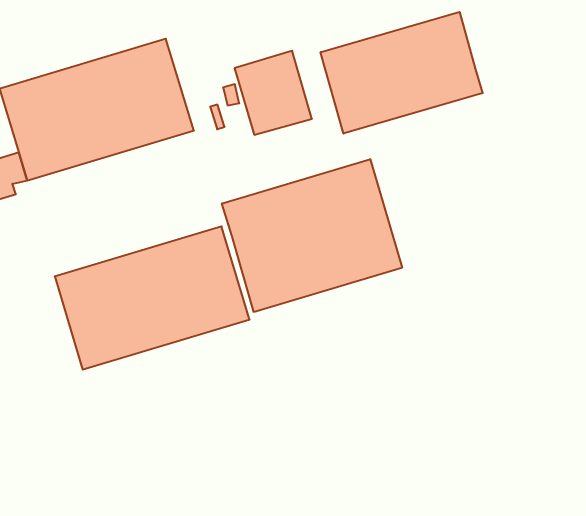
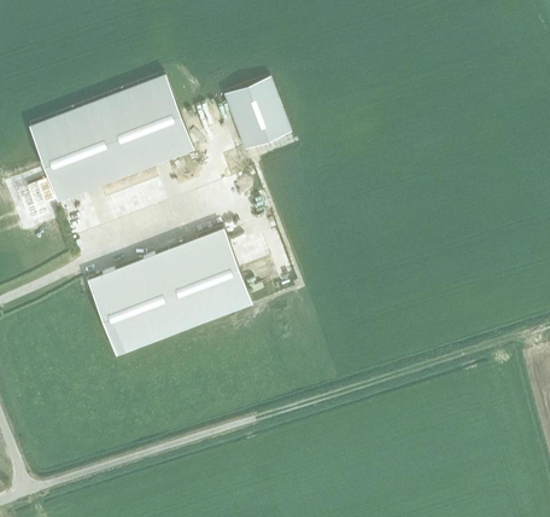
building: [321,12,483,134] -> none
building: [222,159,402,312] -> none

